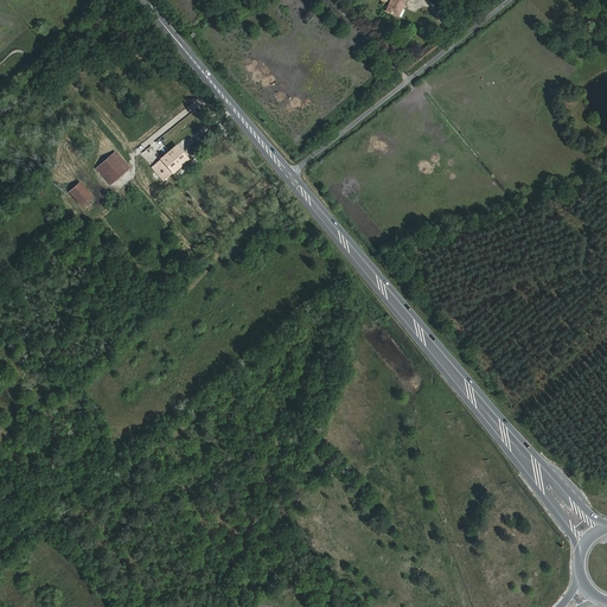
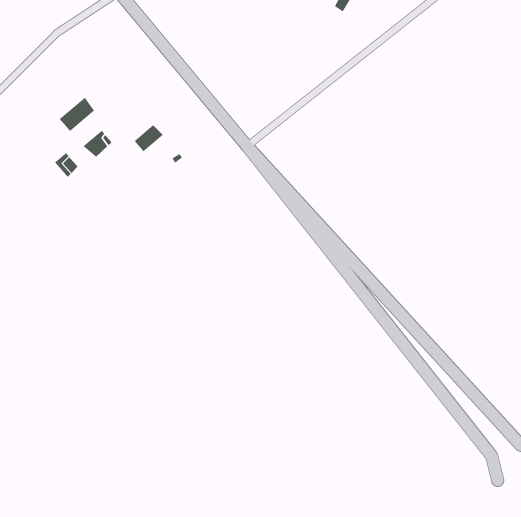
building: none -> [59,97,95,132]

